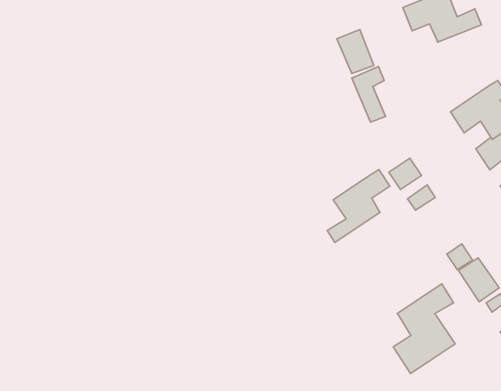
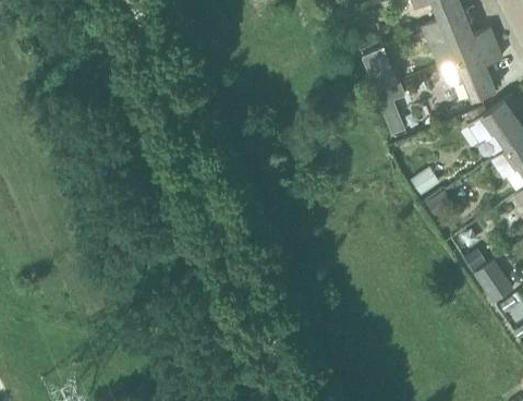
building: none -> [438,42,502,99]
building: [327,169,390,243] -> none
building: [393,284,455,373] -> none

